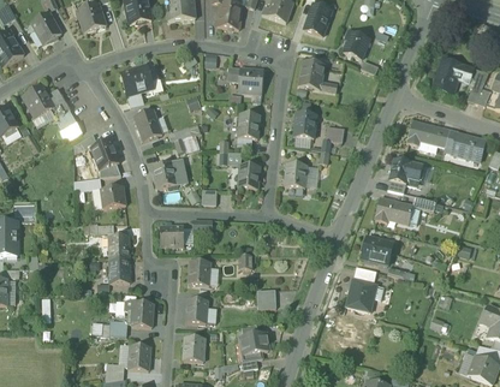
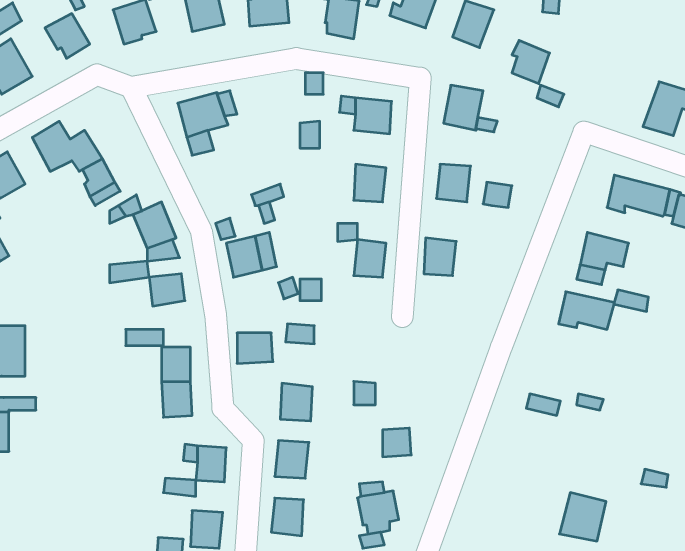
building: [133,109,162,141] -> none
building: [362,237,393,264] -> none
building: [345,279,376,311] -> [559,493,606,541]

